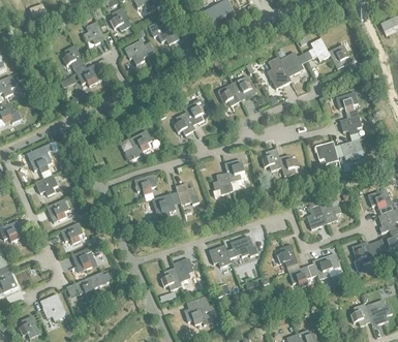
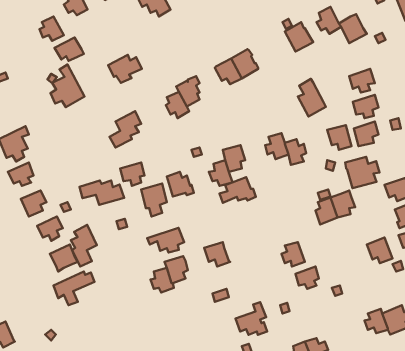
building: [124,39,154,64] -> [108,55,142,83]
building: [266,56,290,89] -> [298,79,326,116]
building: none -> [51,65,85,107]
building: none -> [345,157,380,188]
building: none -> [80,180,124,205]
building: none -> [71,225,97,266]
building: none -> [147,228,184,253]
building: [225,236,257,258] -> [219,177,256,203]
building: [312,254,339,280] -> none
building: [39,292,65,321] -> none
building: [183,296,211,324] -> [236,302,267,335]

